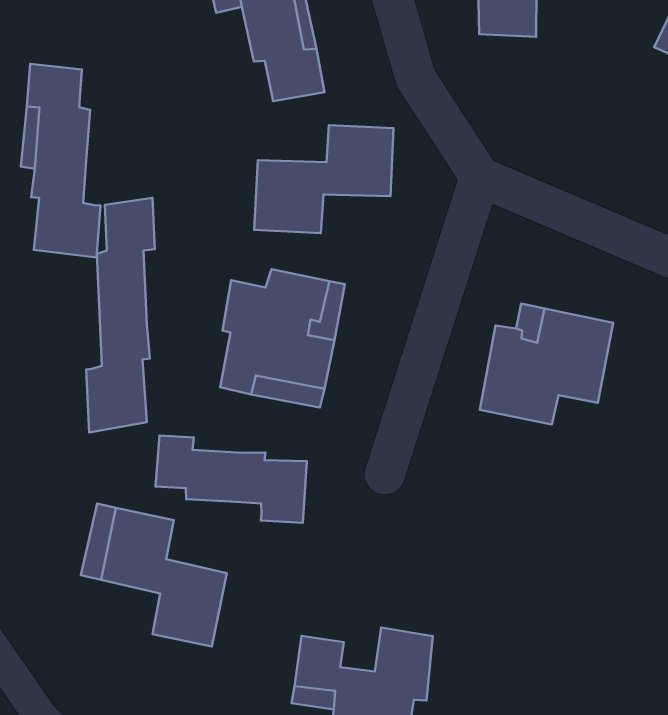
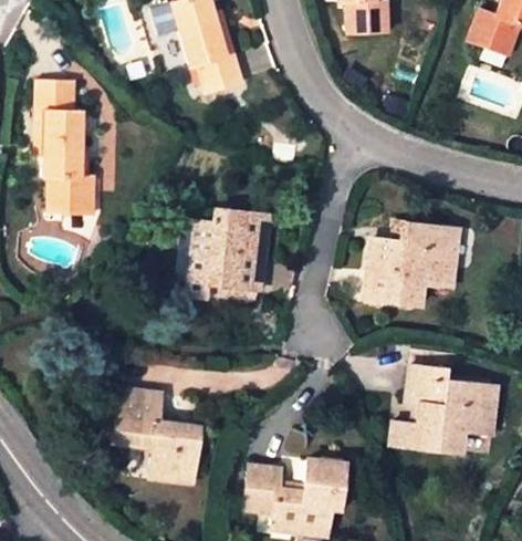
building: [254,125,394,233] -> none
building: [86,198,155,432] -> none
building: [155,436,307,523] -> none
building: none -> [387,365,488,454]

